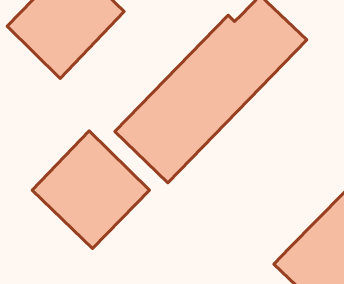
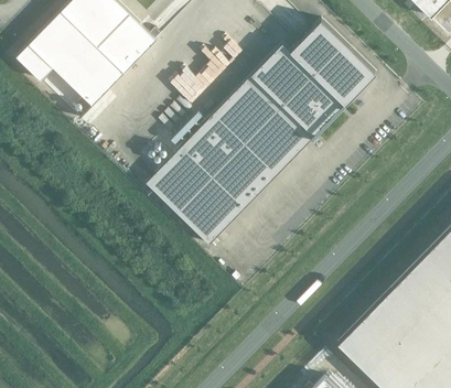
building: [32,131,149,249] -> none

